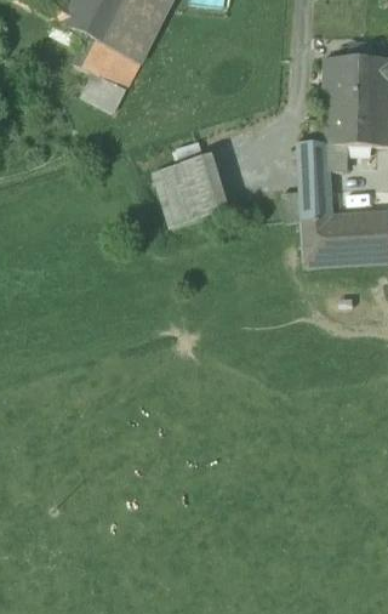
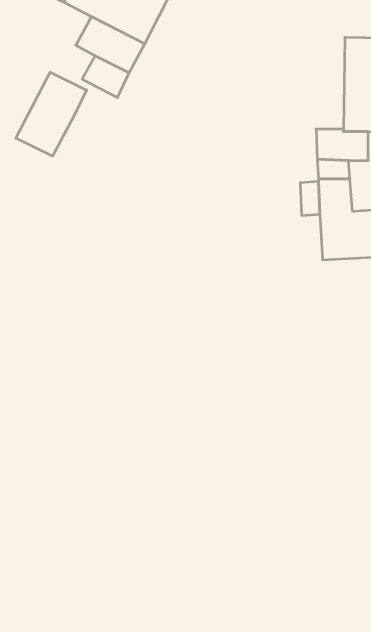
building: none -> [16,72,87,156]
building: [156,157,219,227] -> none

